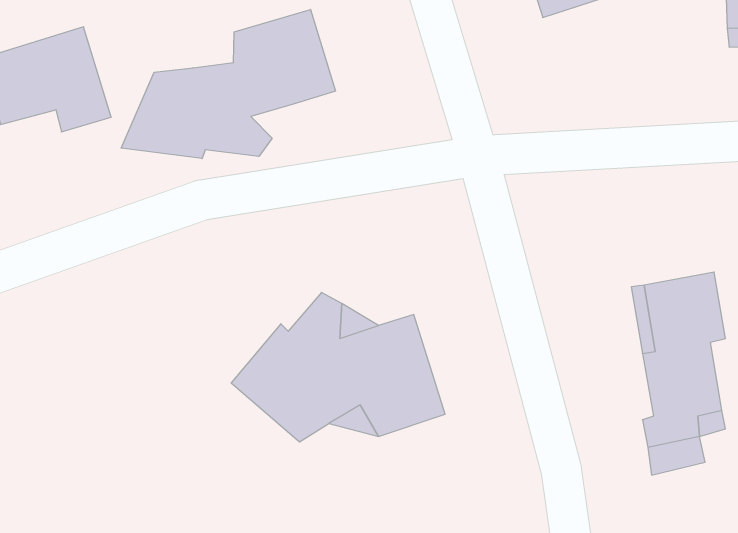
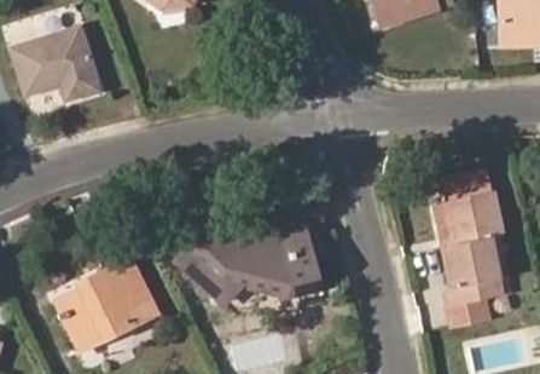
building: [121,9,336,159] -> none
building: none -> [58,261,156,352]

